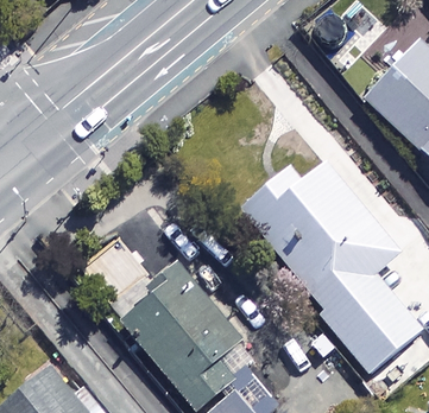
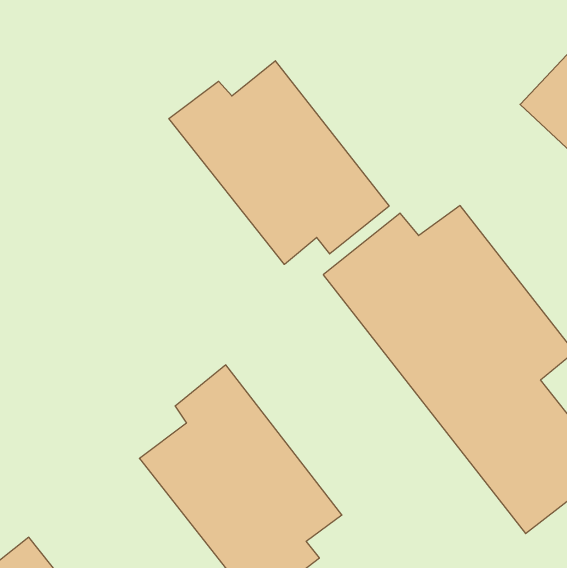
building: none -> [169,61,389,264]

